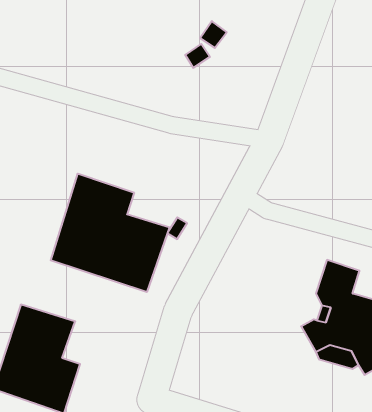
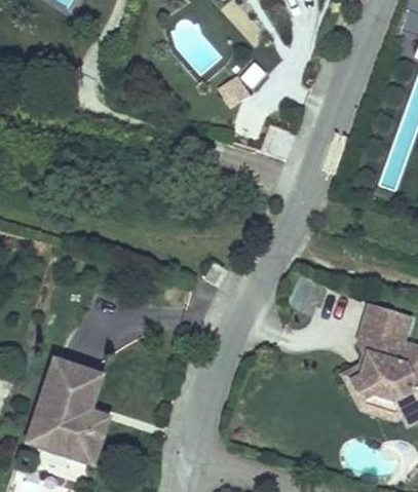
building: [51,174,169,292] -> none

